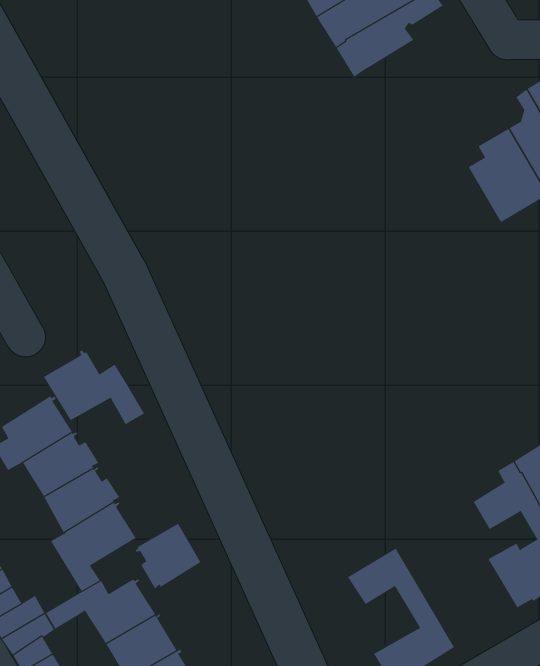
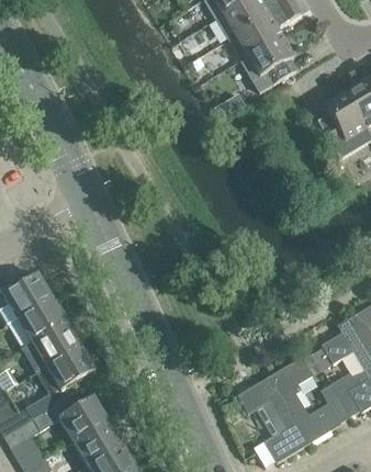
building: none -> [247,34,296,91]
building: [43,350,145,425] -> none
building: none -> [269,356,350,442]
building: [135,523,201,589] -> none

